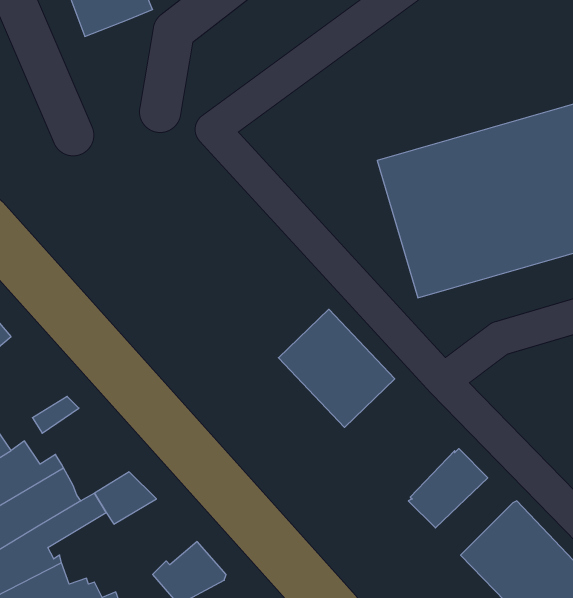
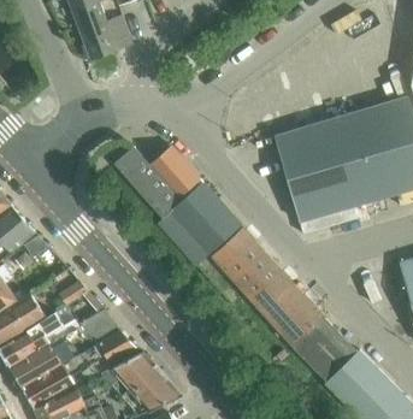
building: none -> [116,140,241,261]
building: none -> [253,272,323,346]
building: none -> [77,309,117,344]
building: none -> [309,334,358,382]
building: none -> [101,352,161,394]

